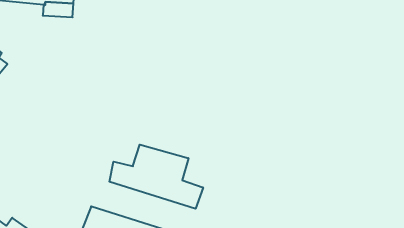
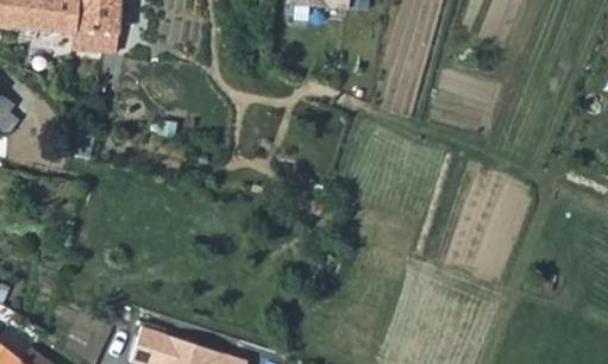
building: [109,145,203,209] -> none

